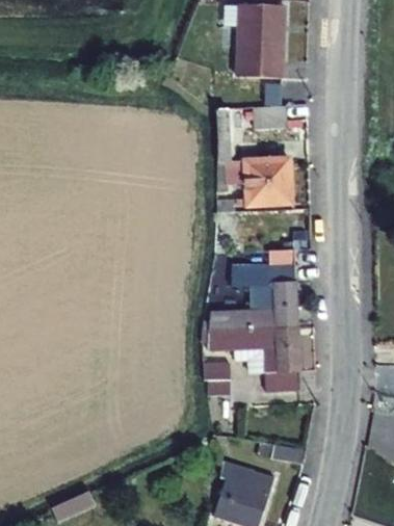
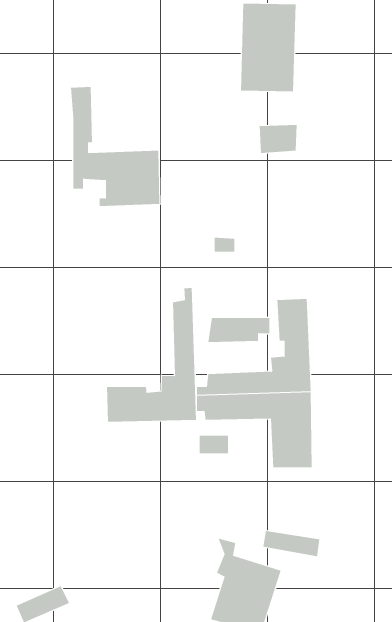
building: [215,106,290,206] -> [70,86,160,207]
building: none -> [107,287,197,422]

